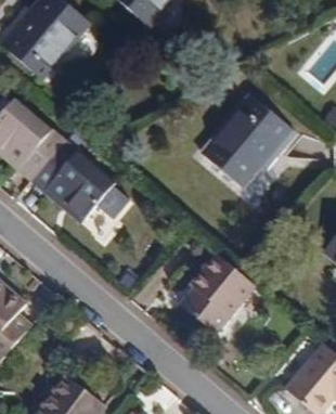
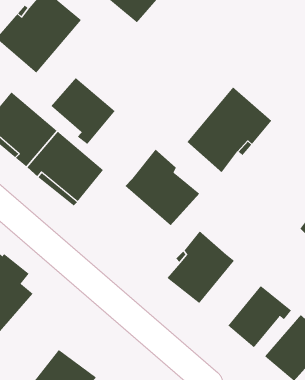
building: none -> [50,77,116,145]
building: none -> [125,149,200,226]
building: none -> [227,285,292,348]

